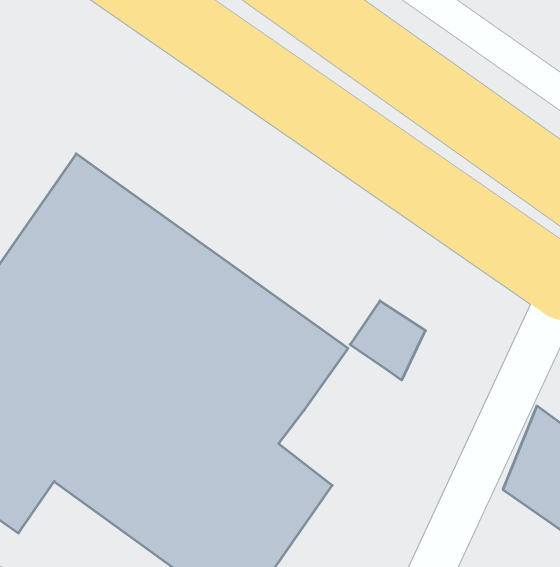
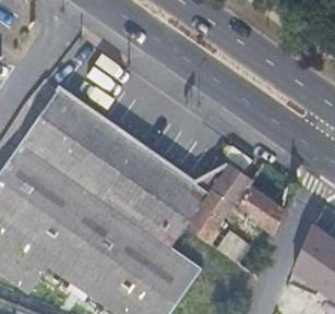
building: none -> [239,184,287,234]
building: none -> [186,190,231,240]

